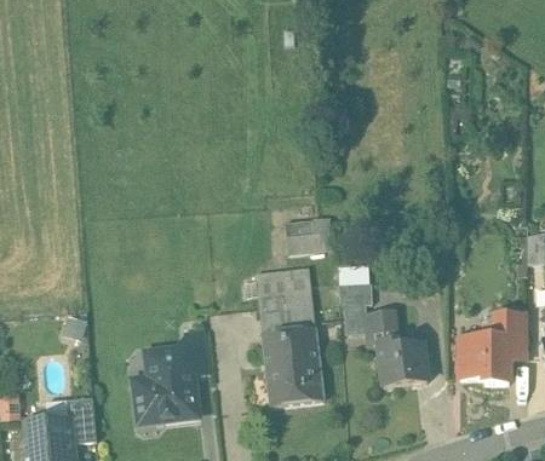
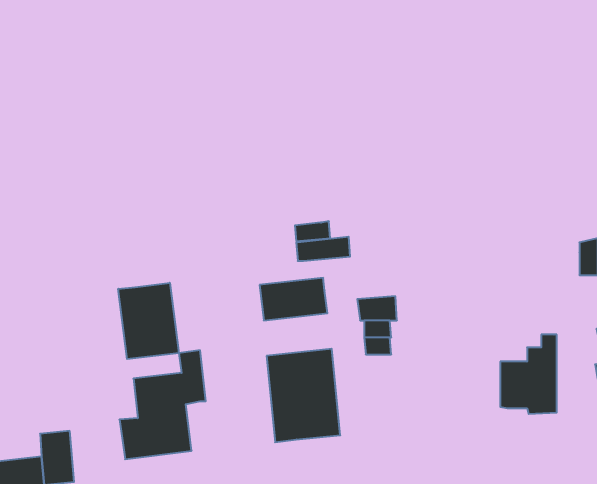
building: none -> [118,283,179,359]
building: [258,296,316,333] -> none
building: [371,312,426,385] -> none
building: [509,315,528,358] -> none

